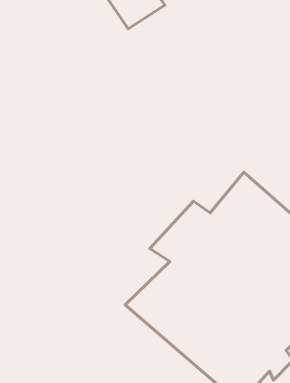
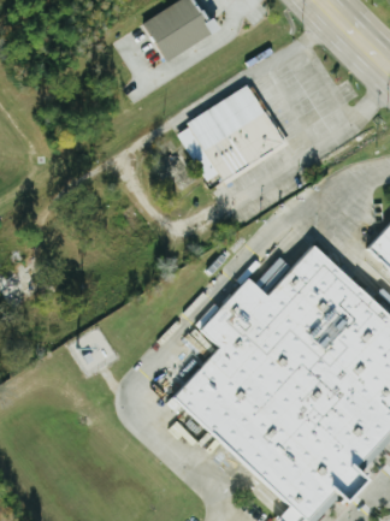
building: none -> [178,85,286,183]

